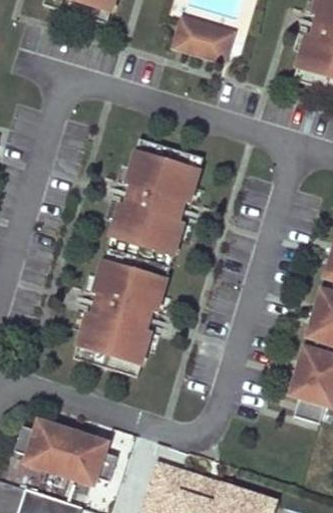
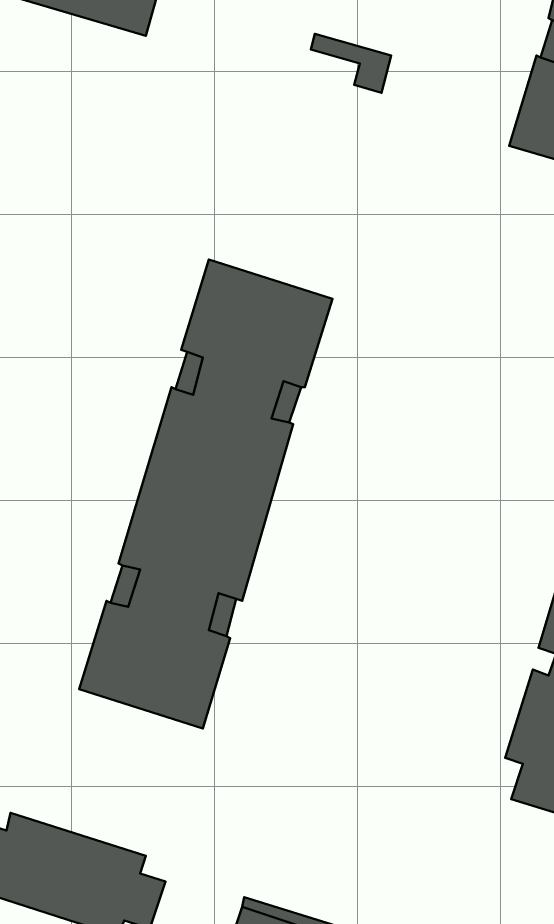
building: [175,17,228,60] -> none

